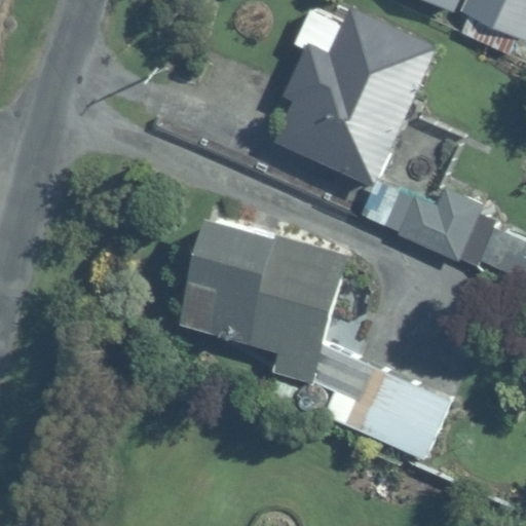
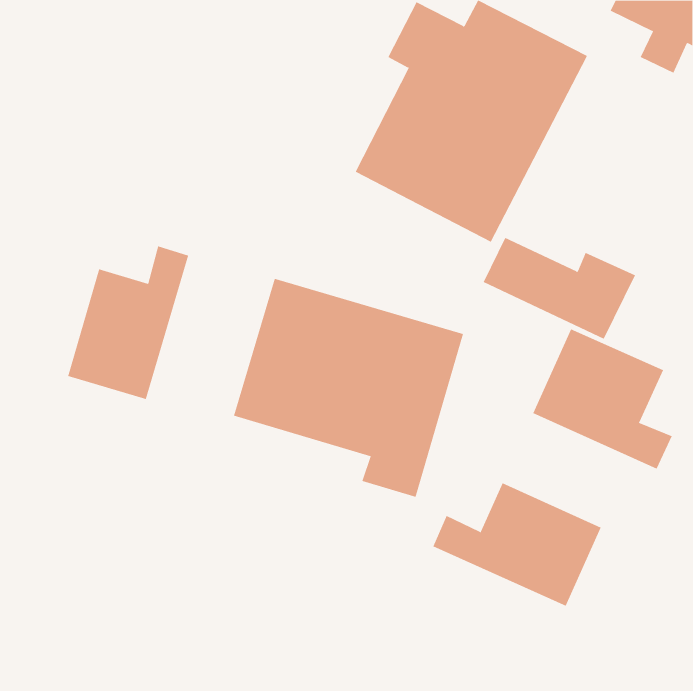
building: none -> [67,246,189,400]
building: none -> [532,328,672,469]

